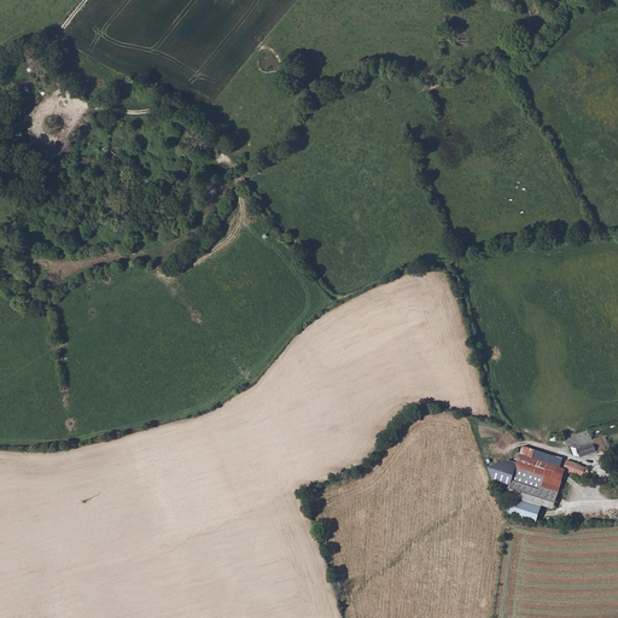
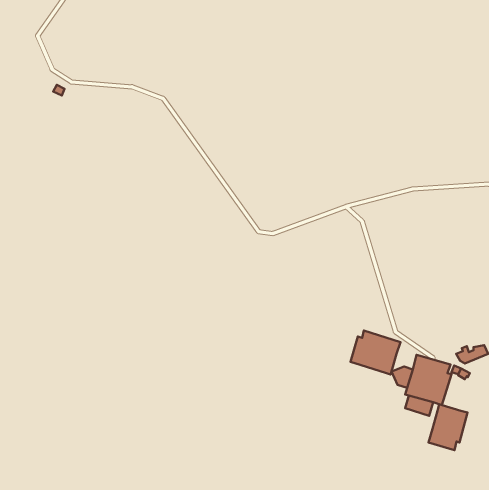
building: none -> [351,331,401,375]
building: none -> [428,404,468,450]

